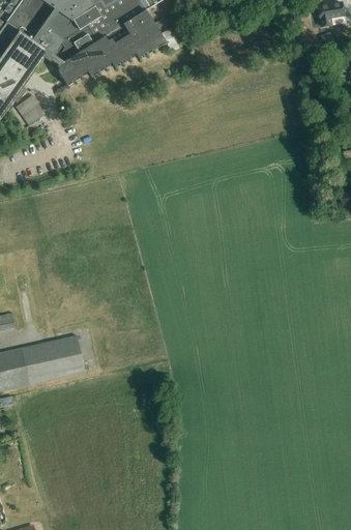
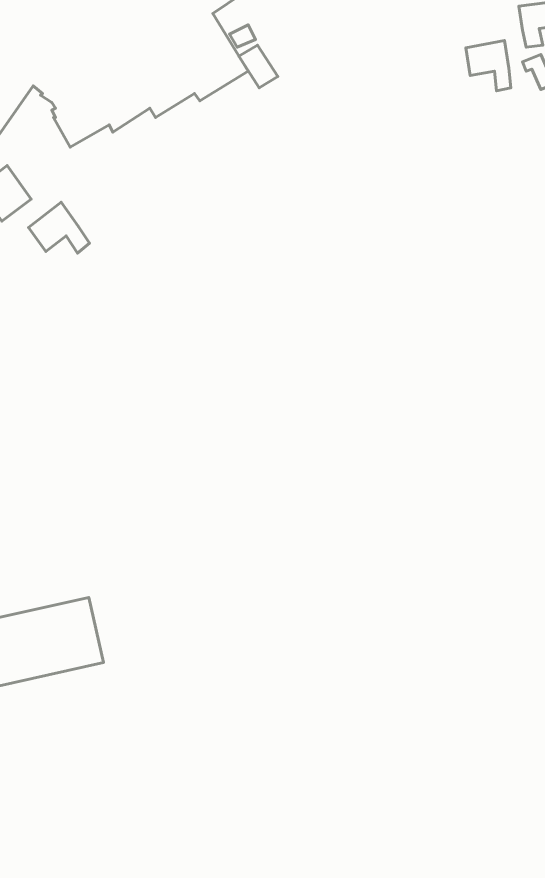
building: none -> [466,40,511,91]
building: none -> [29,202,89,253]

